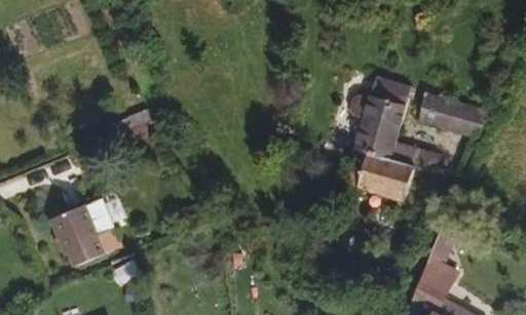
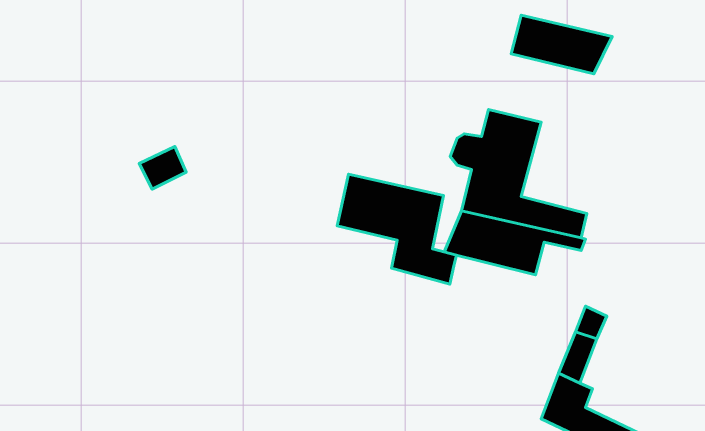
building: [413,95,486,137] -> [511,15,612,74]
building: none -> [337,174,456,284]
building: [54,193,126,262] -> none

